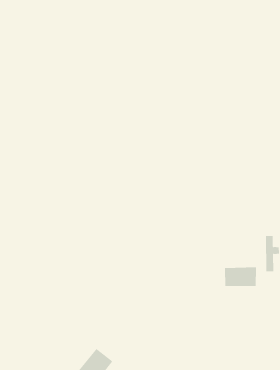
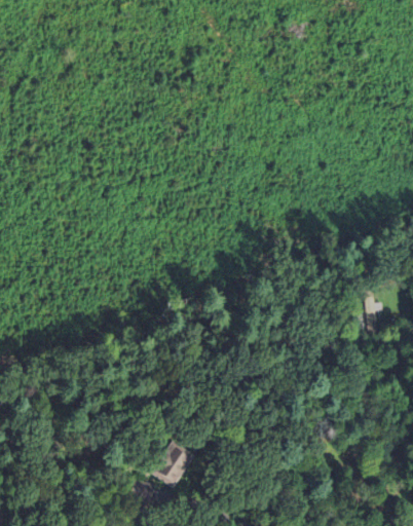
building: [224,266,256,287] -> none

